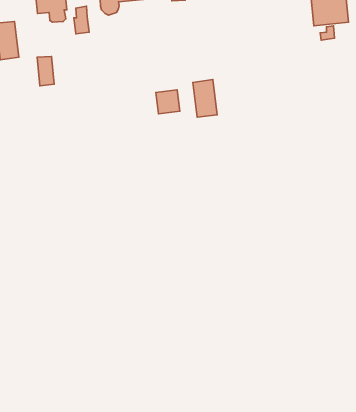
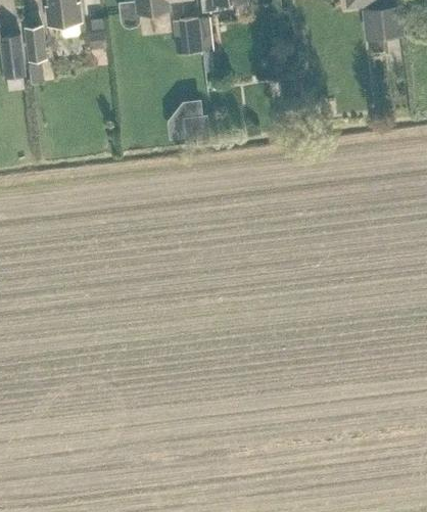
building: none -> [173,15,202,53]
building: [37,56,54,86] -> [25,25,44,58]
building: [193,79,217,117] -> none

